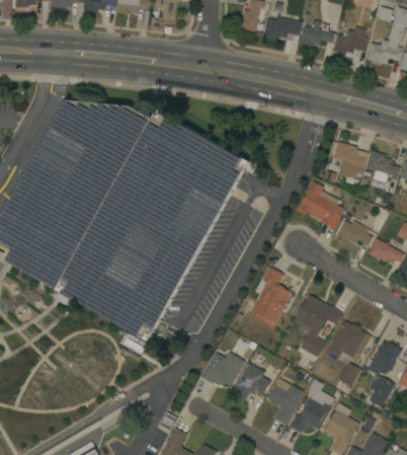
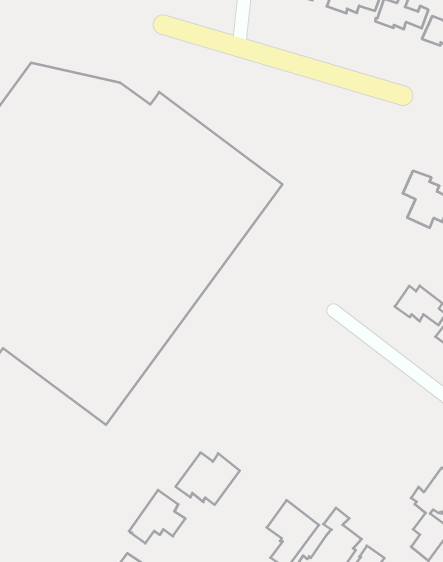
building: [297,181,344,230] -> none
building: [249,267,292,328] -> none
building: [295,294,342,358] -> none
building: [328,321,367,387] -> none
building: [233,364,270,401] -> [129,490,185,543]

